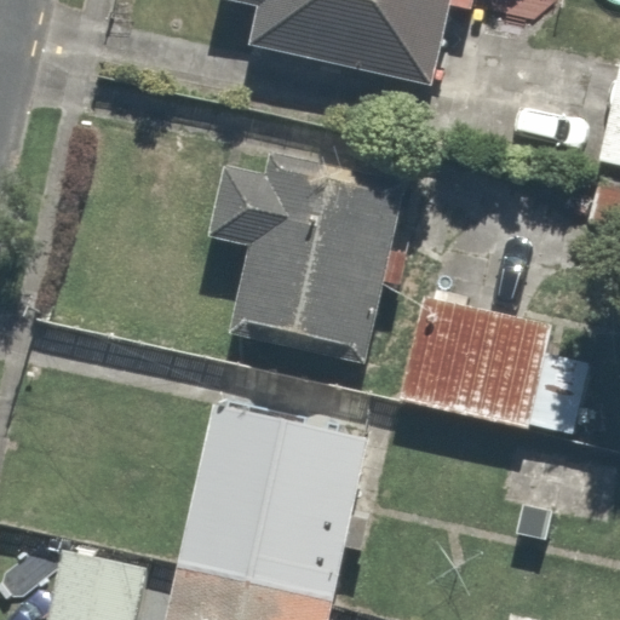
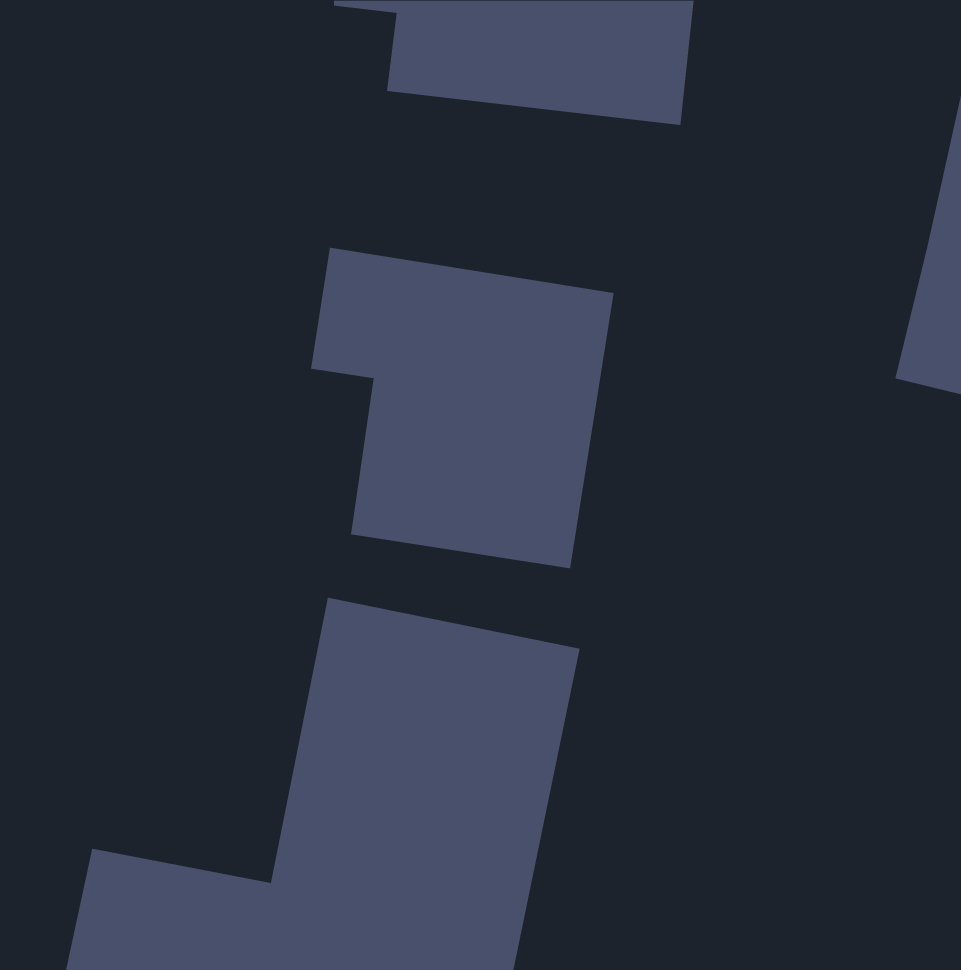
building: [395,289,610,440] -> none

